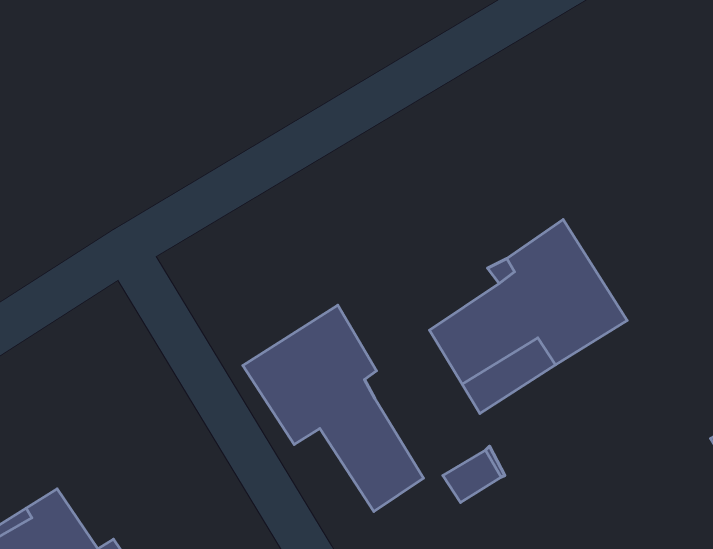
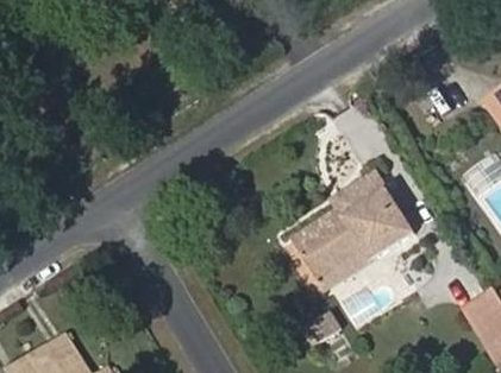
building: [243,305,424,511] -> none

